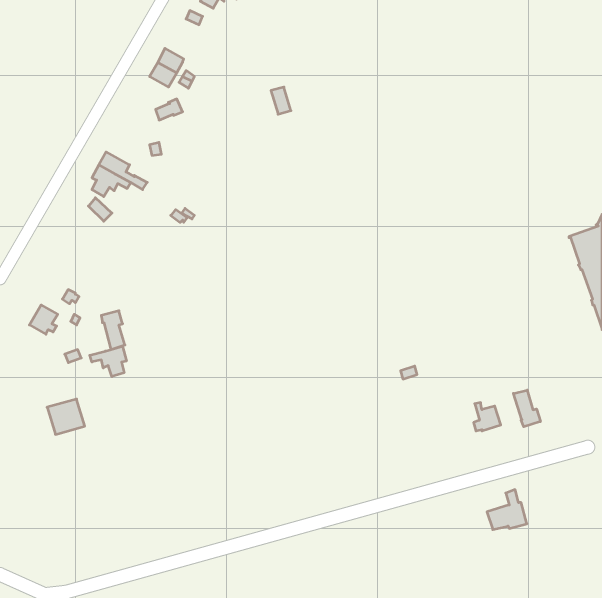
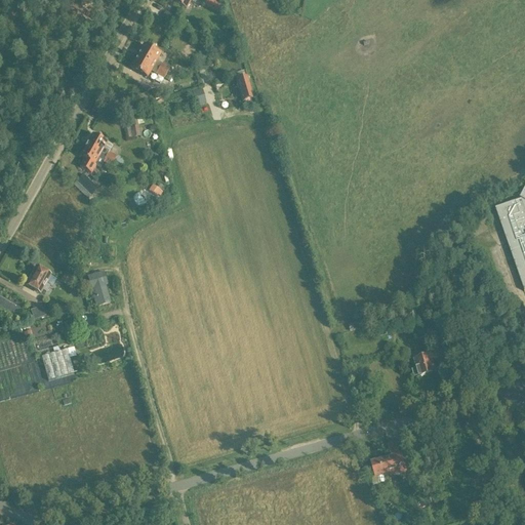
building: [90,346,126,377] -> none
building: [513,390,540,427] -> none
building: [487,490,527,530] -> [371,440,406,475]

